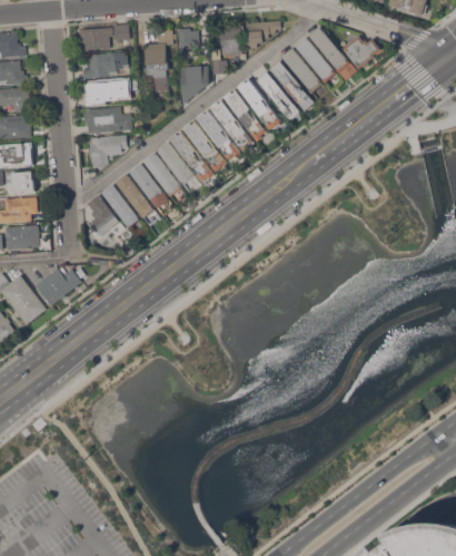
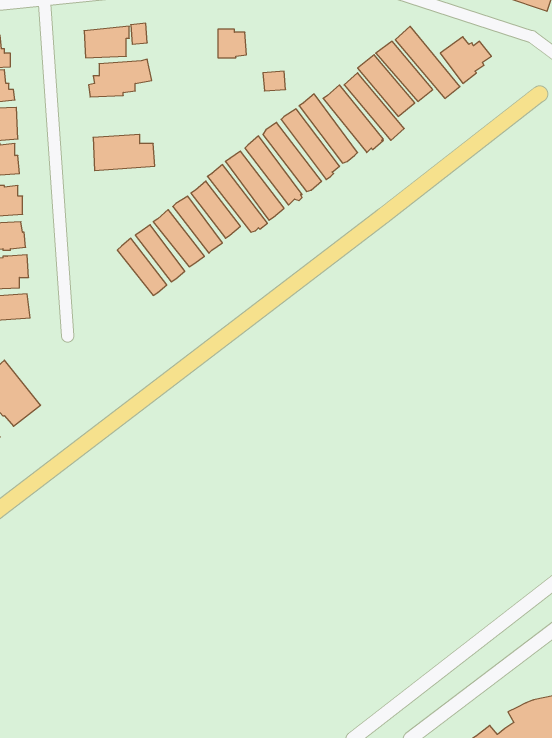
building: [245,18,280,47] -> none
building: [219,25,241,53] -> none
building: [143,28,172,90] -> none
building: [179,66,208,105] -> none
building: [83,79,125,106] -> none
building: [89,135,126,168] -> none
building: [89,195,119,237] -> none
building: [34,267,81,304] -> none

